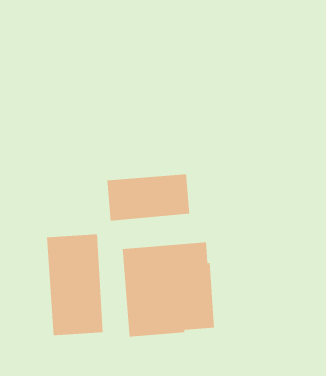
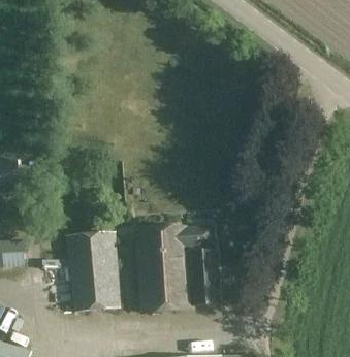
building: [107,174,190,221] -> none

